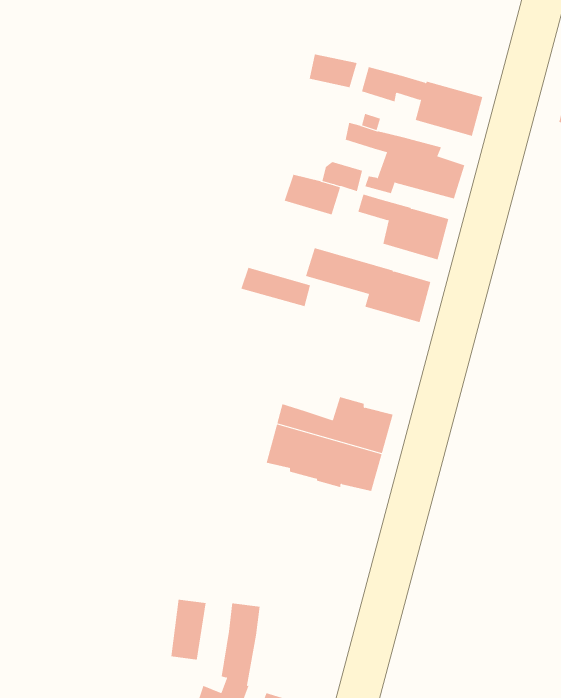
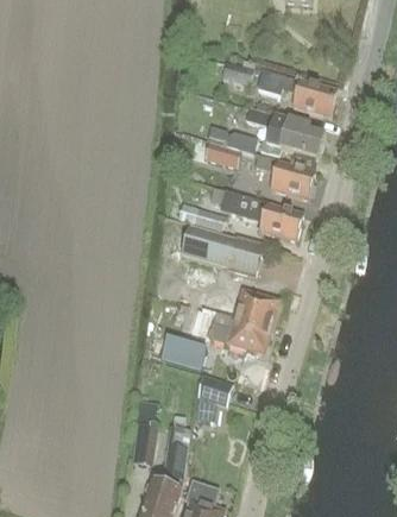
building: none -> [179,223,261,276]
building: none -> [162,335,206,367]
building: none -> [195,376,233,422]

